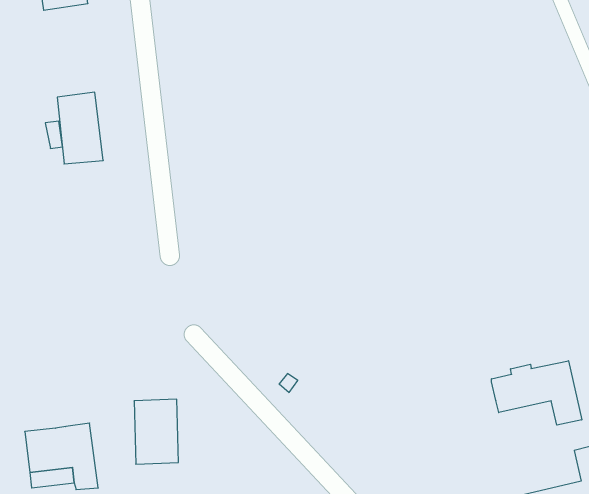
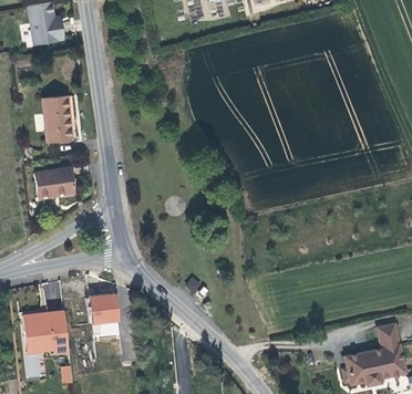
building: none -> [34,167,73,197]
building: [491,361,582,425] -> none

